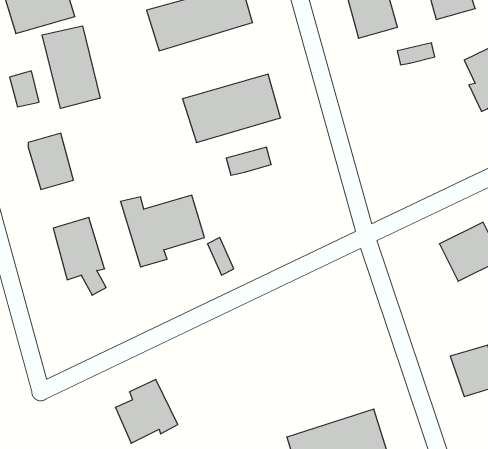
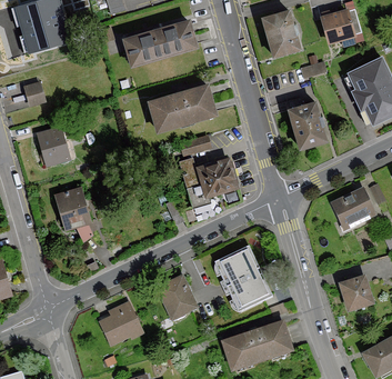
building: [42,26,100,108] -> none
building: none -> [287,100,326,148]
building: [120,195,204,267] -> [178,156,238,207]
building: none -> [214,247,272,313]
building: none -> [155,275,198,320]

